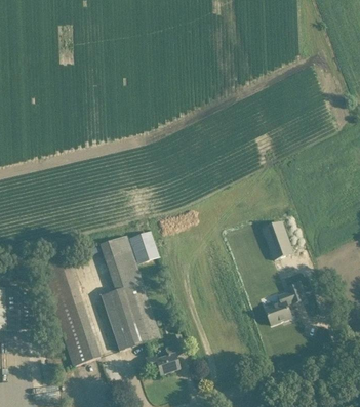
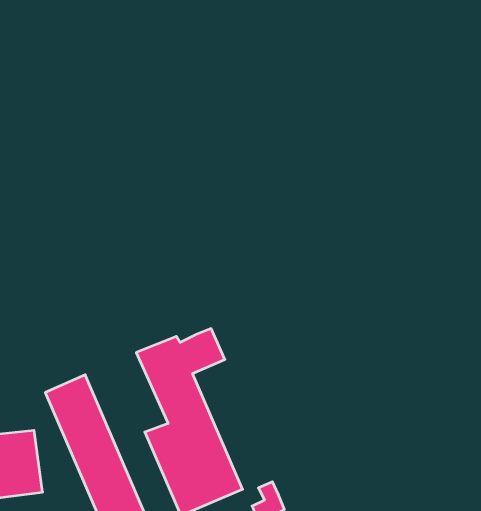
building: [264,221,293,260] -> none
building: [266,284,304,325] -> none

